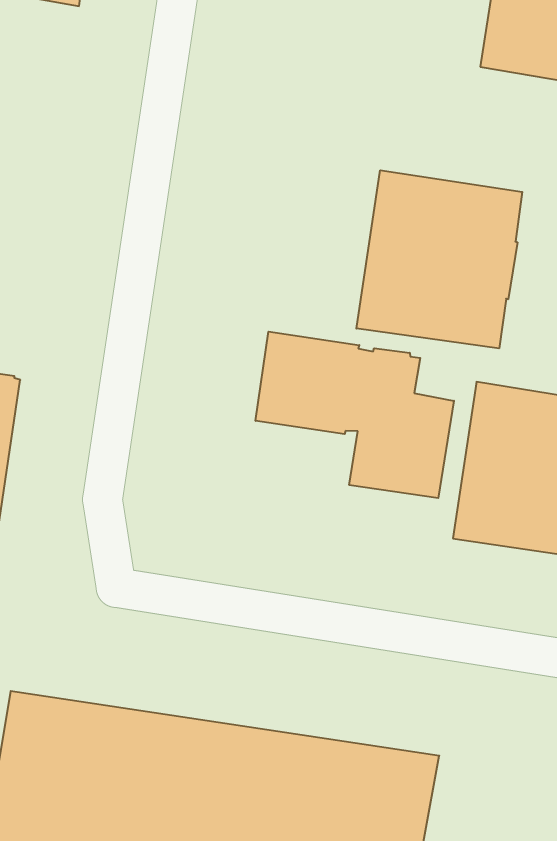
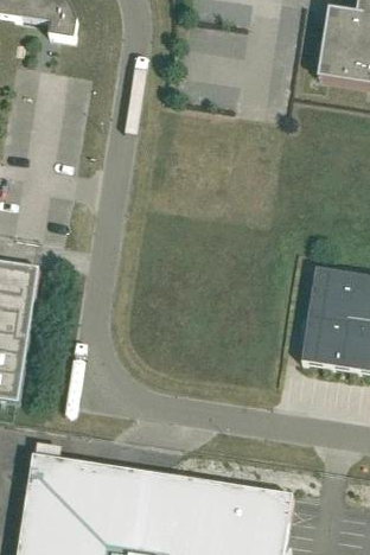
building: [356,170,522,348] -> none
building: [256,332,454,498] -> none

